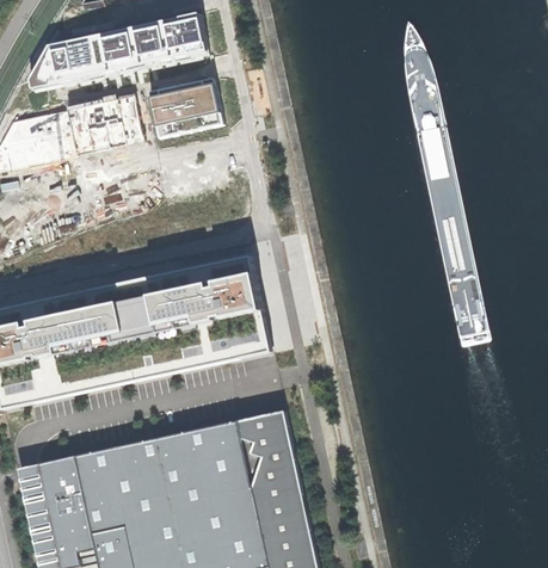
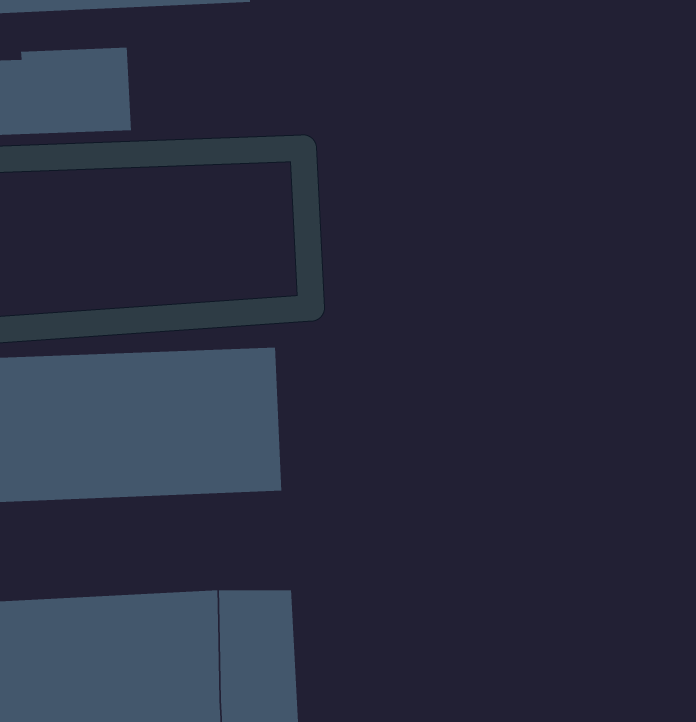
building: [144,78,220,138] -> none

